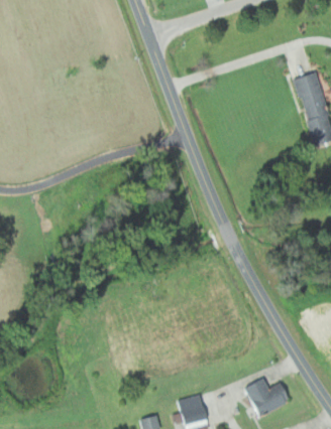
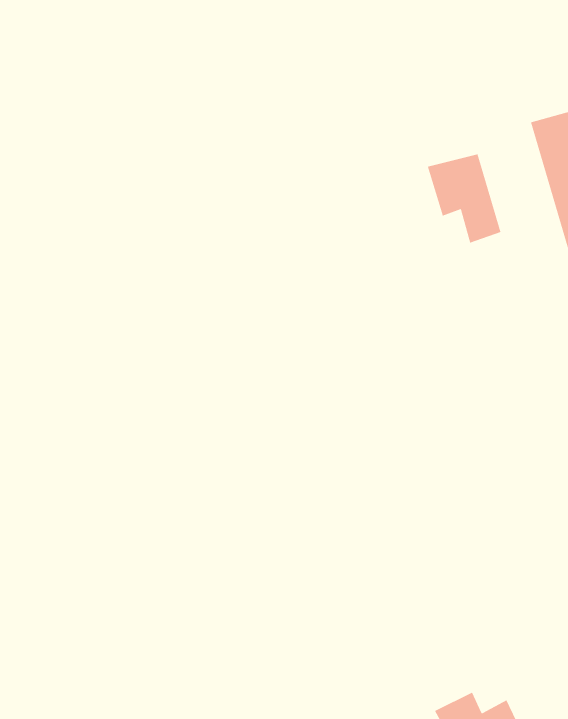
building: none -> [427,153,501,244]

